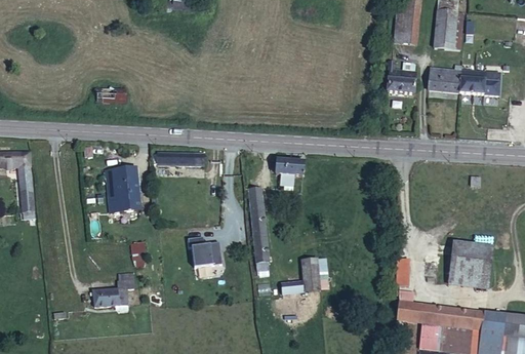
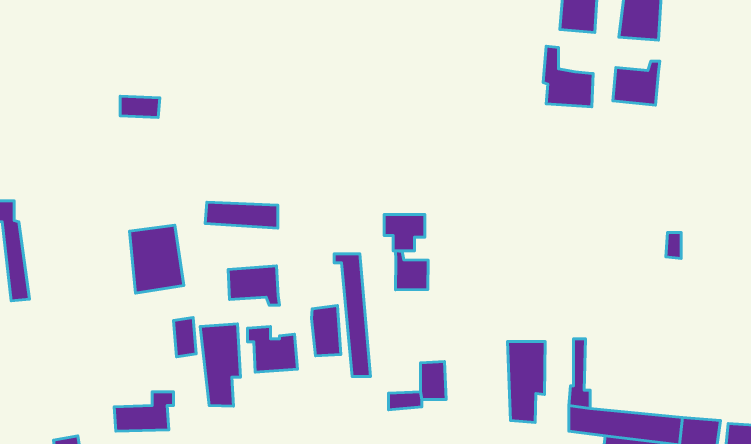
building: [458,71,499,95] -> none
building: none -> [395,251,428,290]
building: none -> [228,266,279,305]
building: none -> [312,306,341,356]
building: [450,241,492,282] -> none
building: none -> [200,324,241,406]
building: none -> [507,341,545,423]

